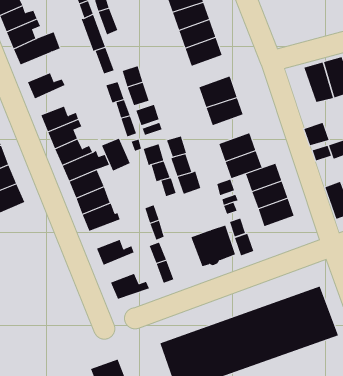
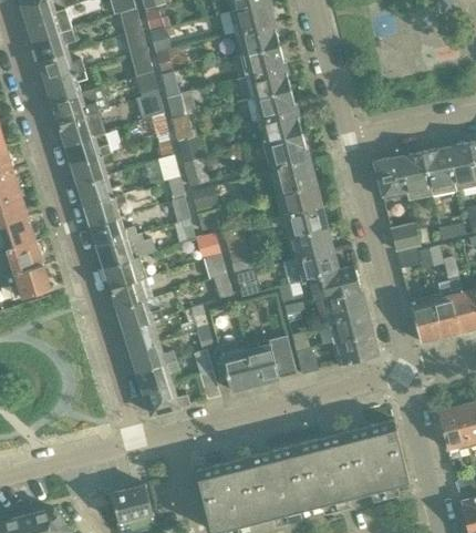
building: none -> [165,92,196,120]
building: none -> [59,112,104,145]
building: none -> [262,134,308,170]
building: none -> [374,157,406,201]
building: none -> [72,153,113,186]
building: none -> [269,207,325,239]
building: [97,134,131,171] -> none
building: none -> [332,334,376,366]
building: none -> [123,319,165,351]
building: none -> [215,348,253,392]
building: none -> [136,360,178,393]

